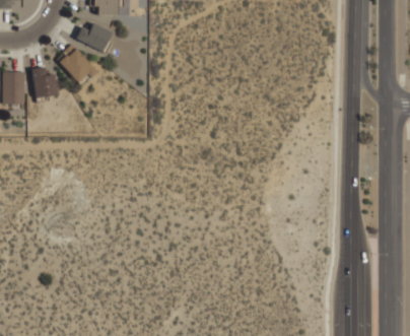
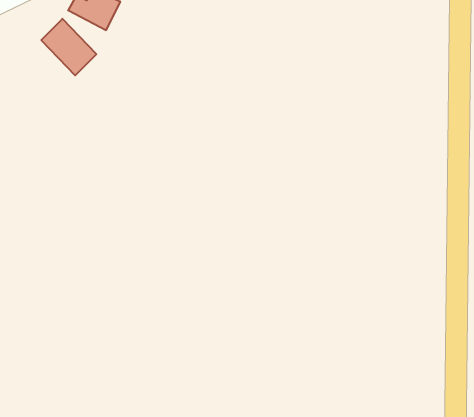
building: [33,67,58,97] -> none

